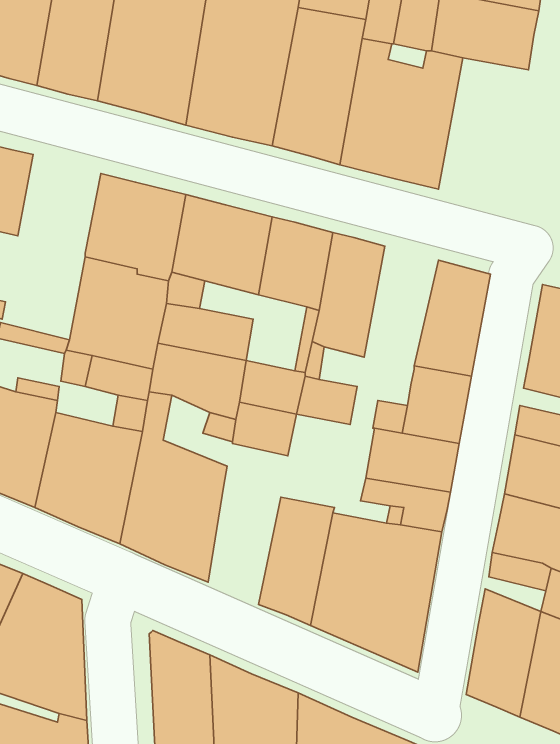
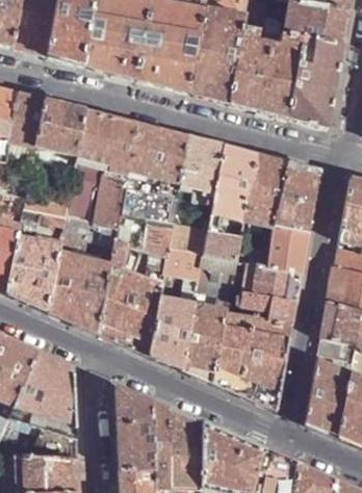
building: none -> [288,38,342,128]
building: none -> [35,97,85,156]
building: none -> [243,152,288,226]
building: none -> [196,253,235,294]
building: none -> [150,295,193,367]

